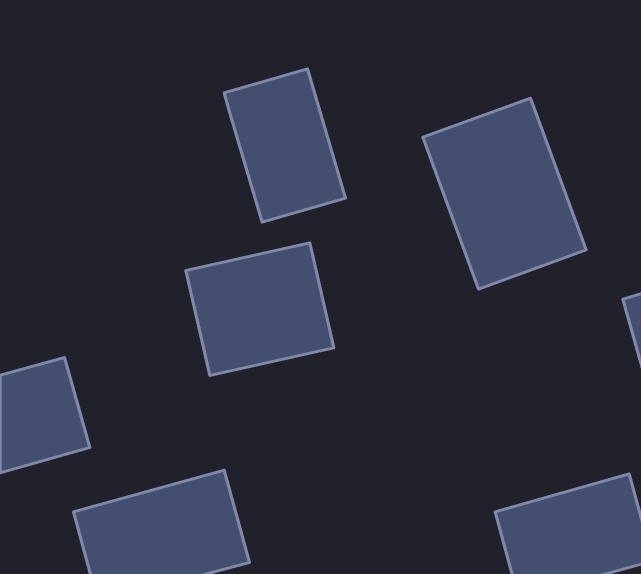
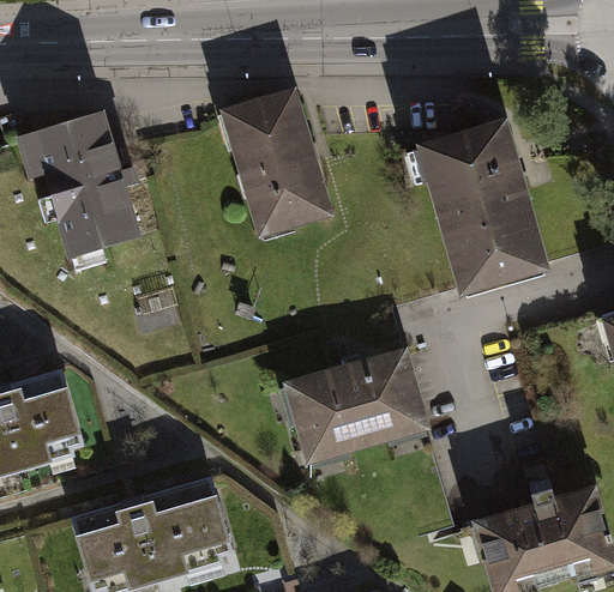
building: none -> [29,111,149,271]
building: [186,243,334,376] -> [283,351,423,477]

